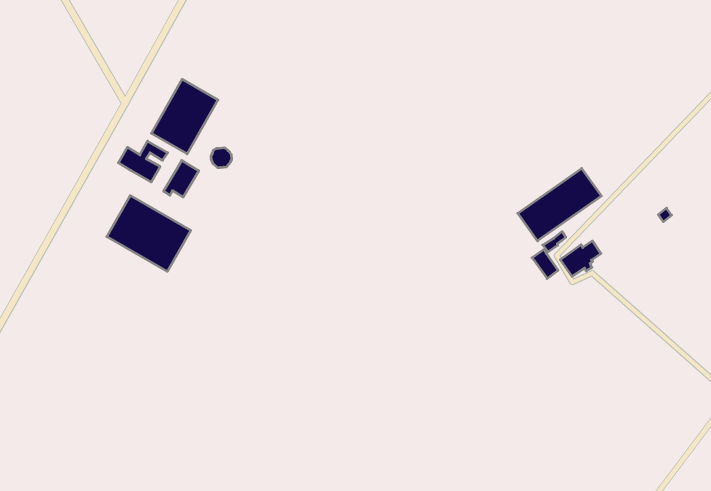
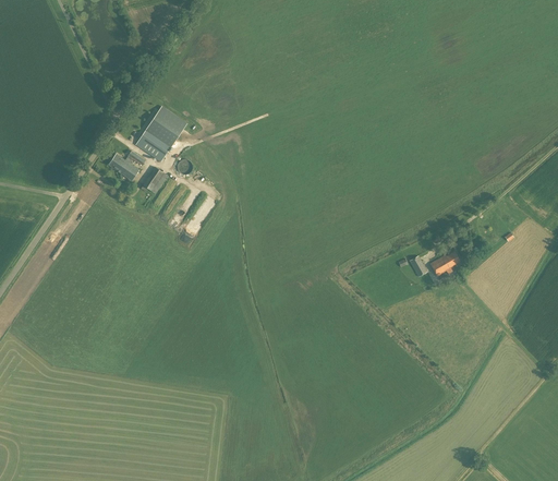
building: [518,168,601,241] -> none
building: [107,196,191,271] -> none

